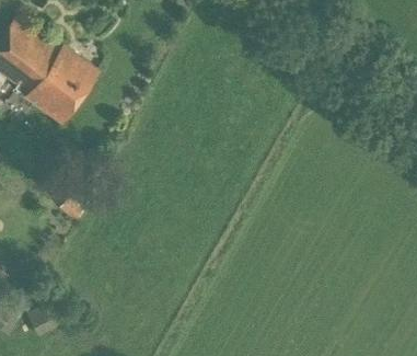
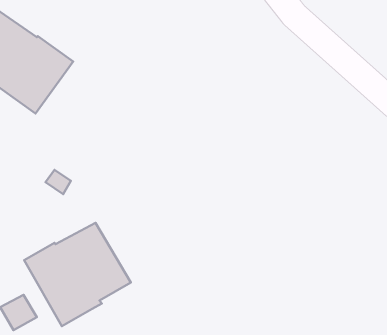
building: none -> [24,223,131,326]

